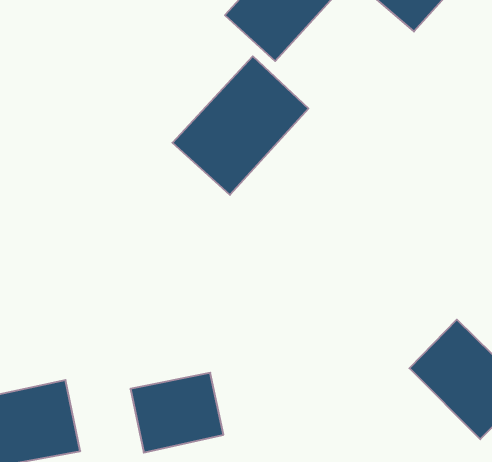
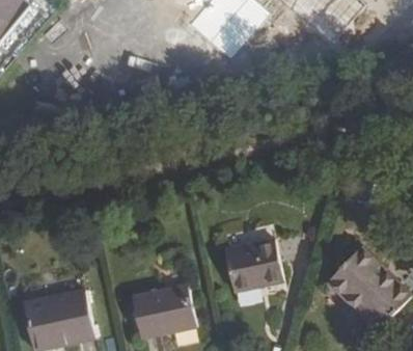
building: [172,56,308,195] -> none
building: none -> [220,236,280,290]

